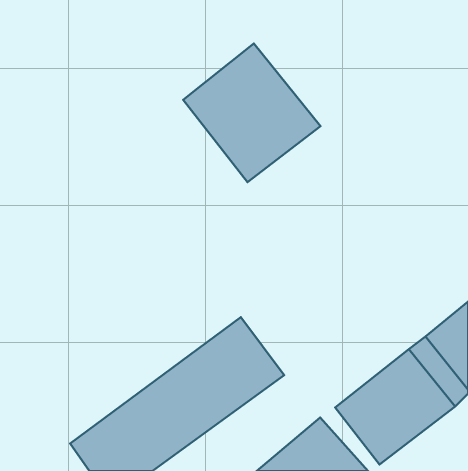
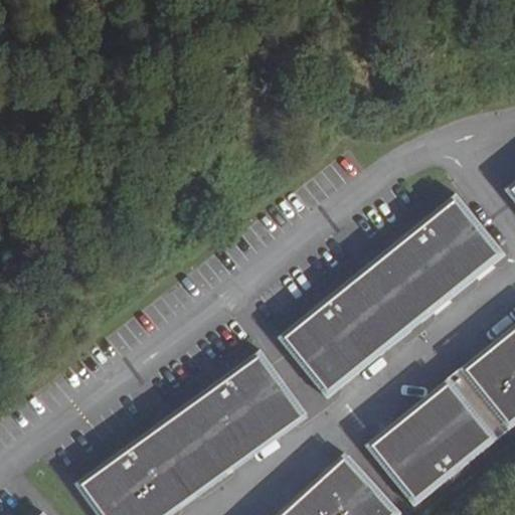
building: [183,44,320,182] -> none
building: none -> [277,195,505,398]

